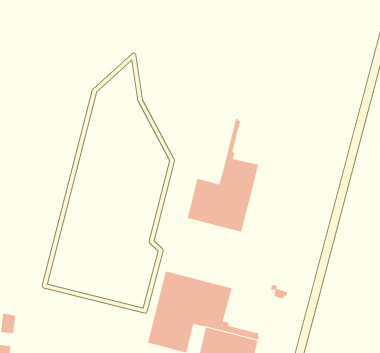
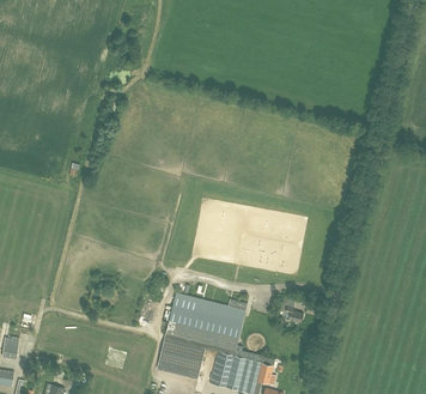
building: [187,118,259,232] -> none

